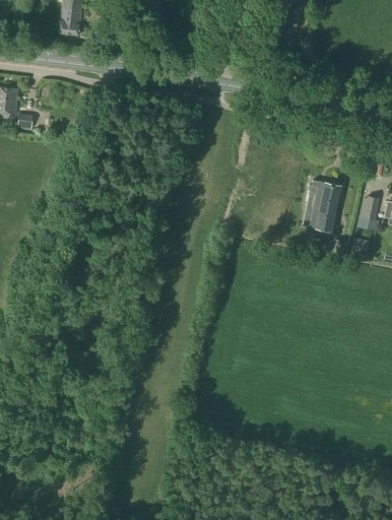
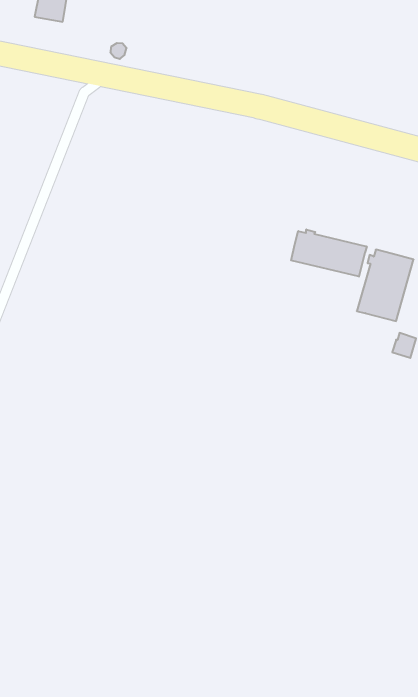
building: none -> [291,229,367,277]

